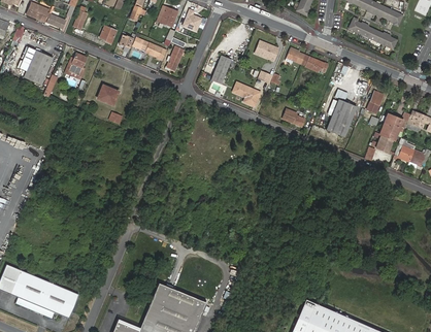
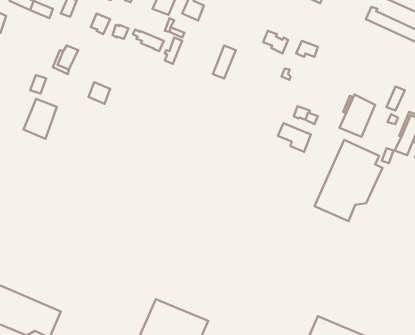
building: [26,52,56,88] -> [24,99,57,139]
building: [232,80,262,106] -> [278,123,311,152]
building: none -> [314,140,383,221]

